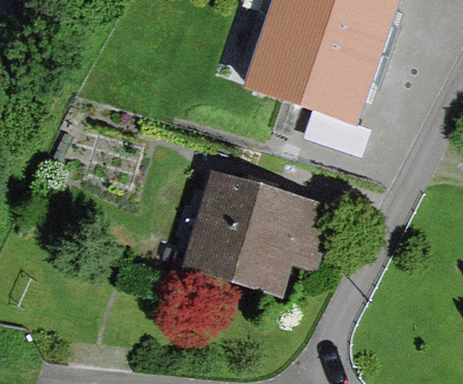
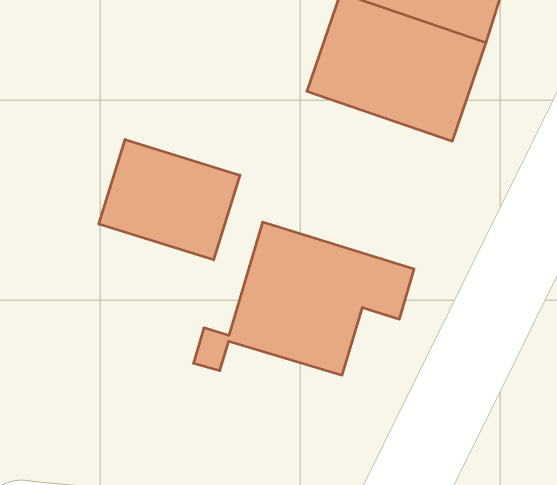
building: none -> [99,139,240,260]

